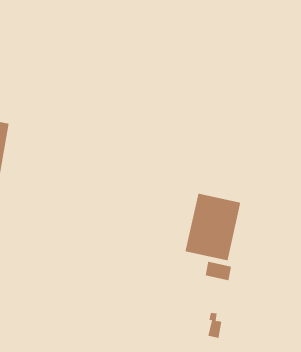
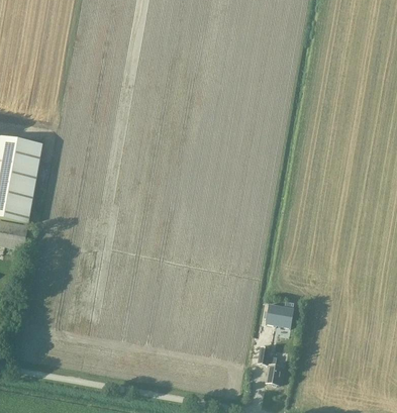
building: [185,193,241,261] -> none

